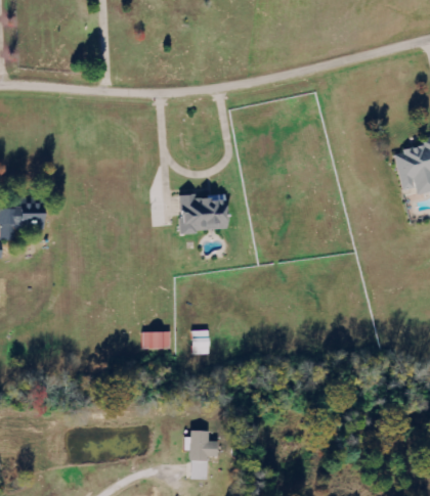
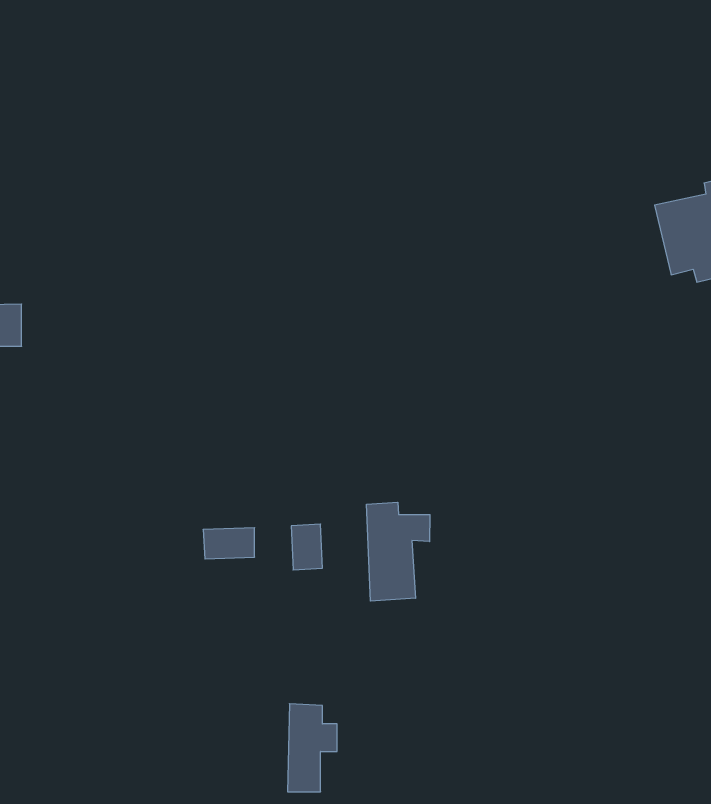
building: [179,193,229,232] -> none
building: none -> [367,502,430,601]

